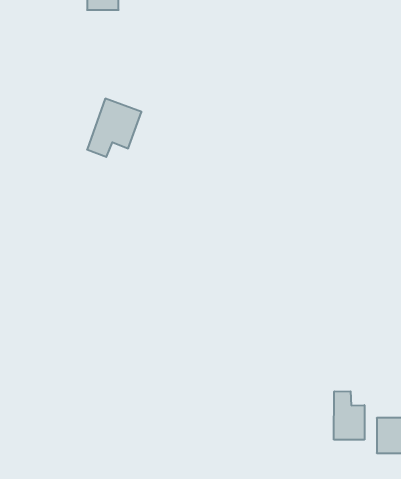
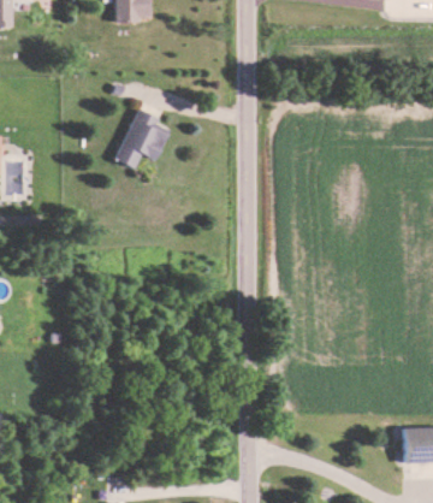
building: [334,391,364,440] -> none

